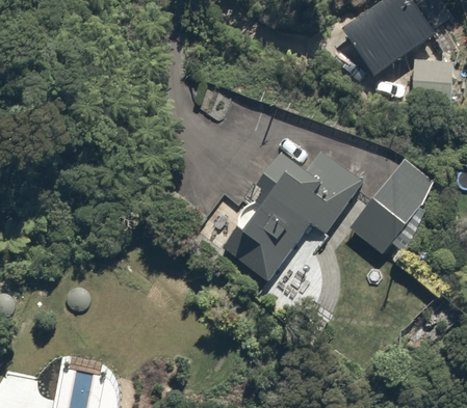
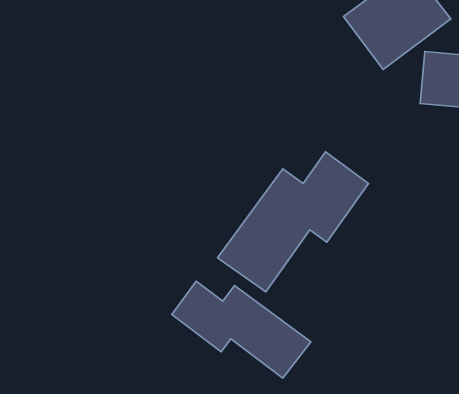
building: [352,157,438,255] -> none
building: none -> [172,281,311,378]

